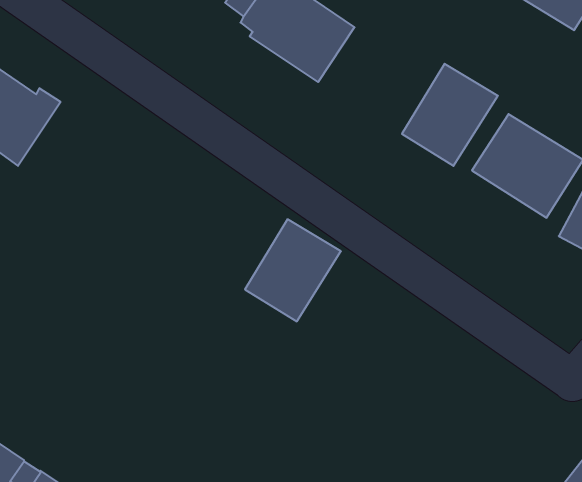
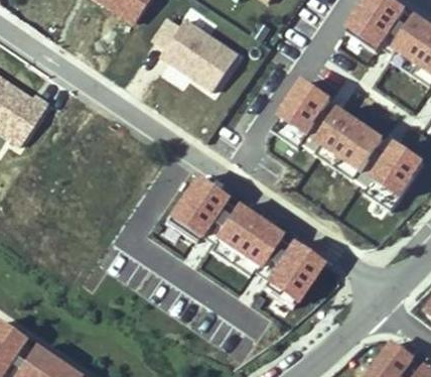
building: none -> [212,213,286,281]
building: none -> [270,251,327,311]

